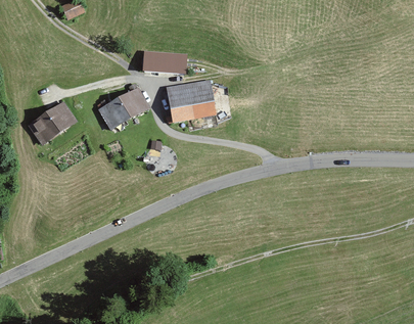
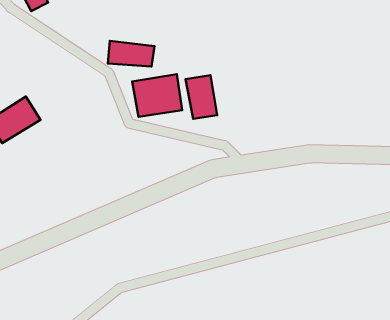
building: none -> [186,75,217,119]
building: [98,84,149,130] -> none

